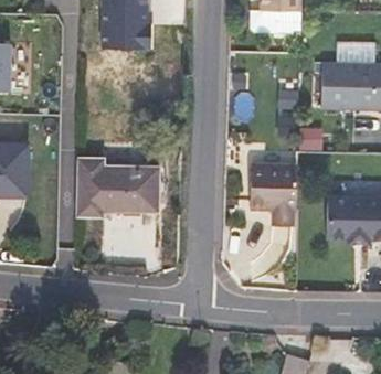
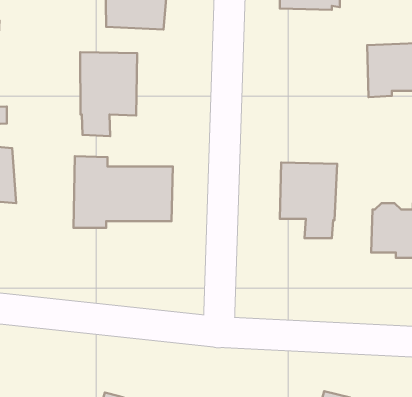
building: none -> [80,52,137,136]

